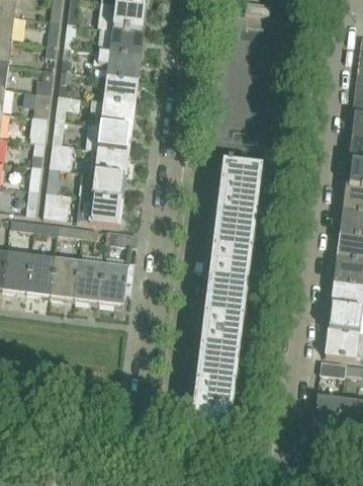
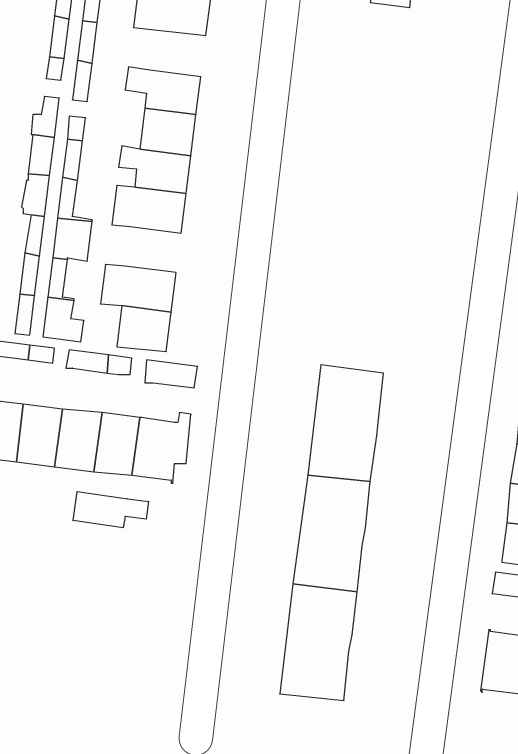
building: [99,23,144,54] -> none
building: [94,146,133,174] -> none
building: [214,161,261,236] -> none
building: none -> [73,492,149,528]

